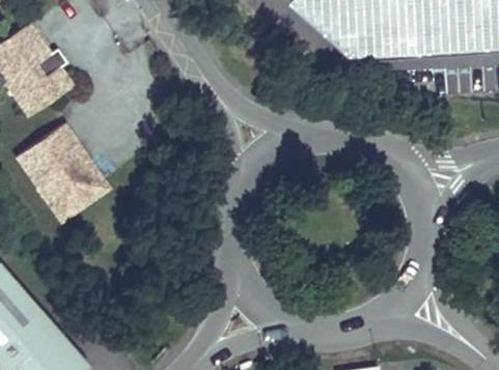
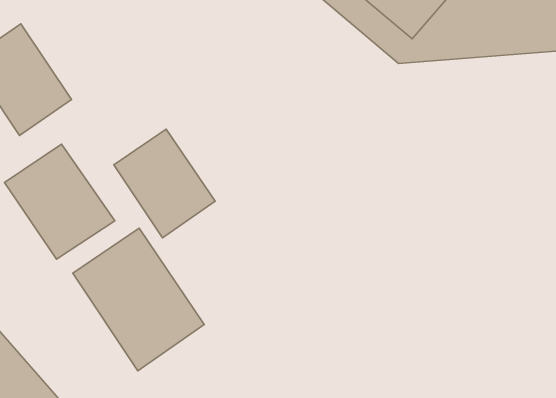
building: none -> [114,129,215,238]
building: none -> [73,228,204,371]

